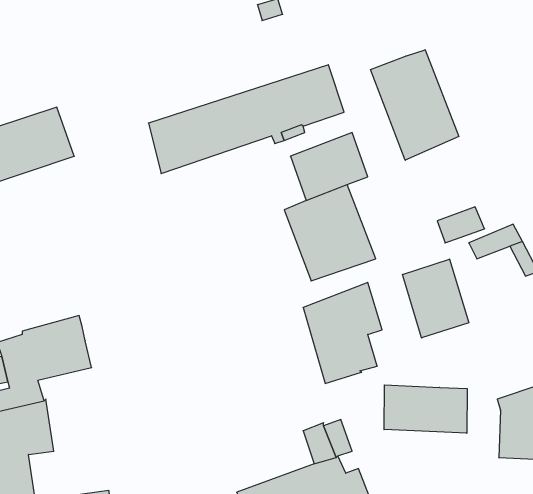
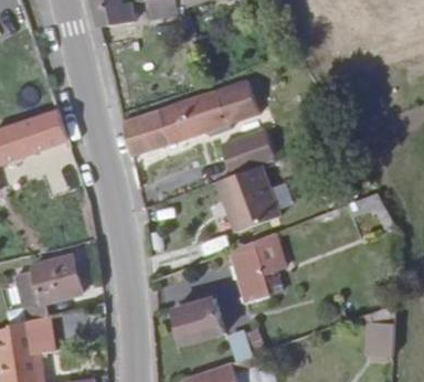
building: [370,50,459,160] -> none
building: [403,259,469,338] -> none
building: none -> [172,297,223,344]
building: [384,385,467,433] -> none

